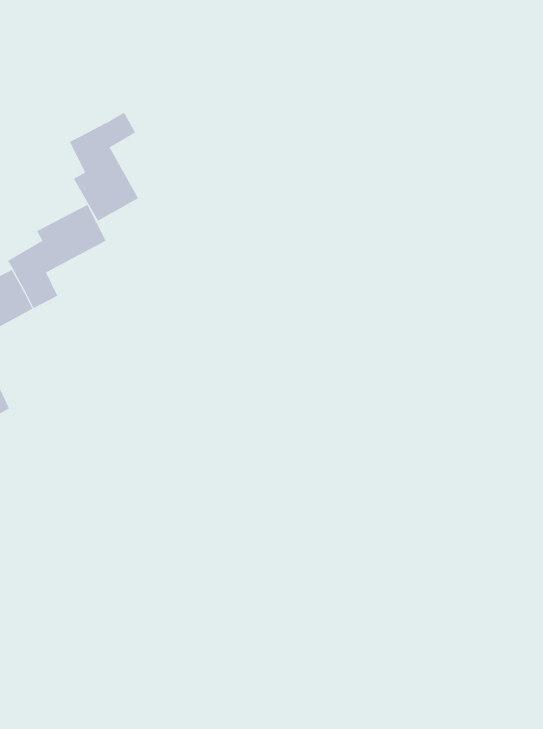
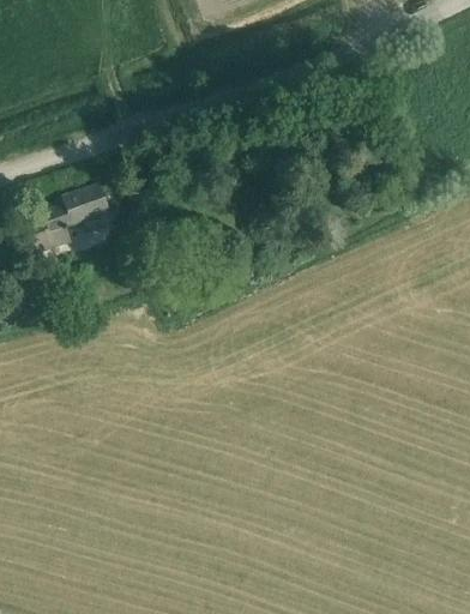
building: [69,112,139,222] -> none

